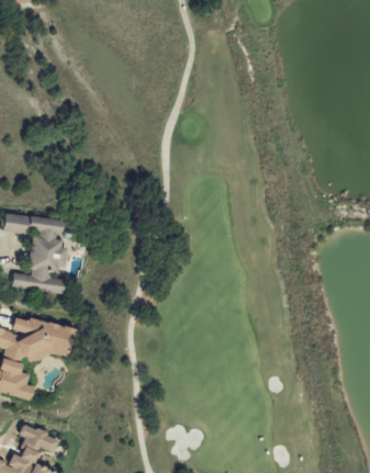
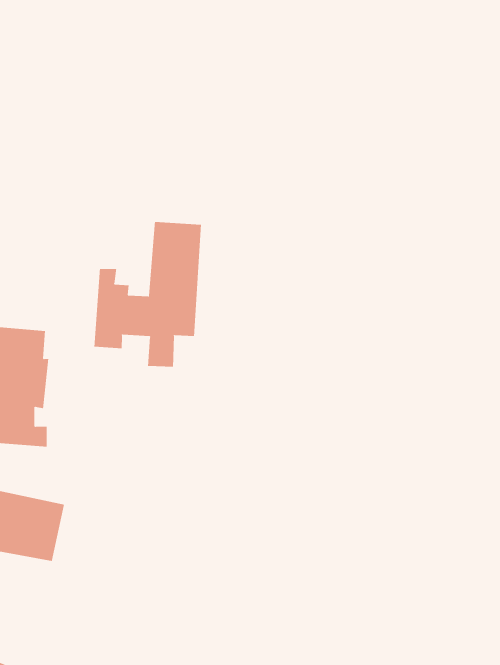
building: none -> [94,221,202,368]

